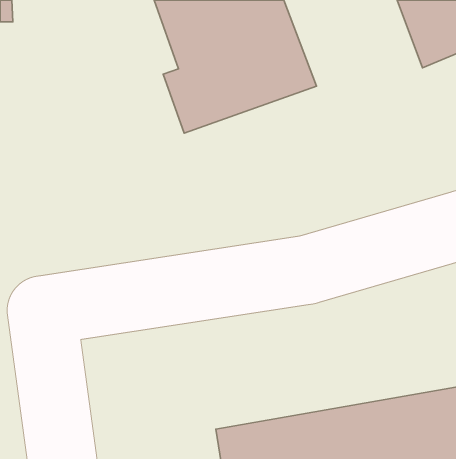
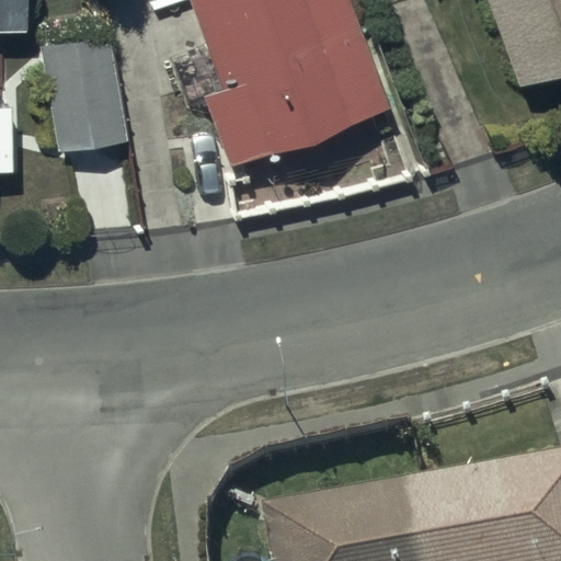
building: none -> [44,38,128,154]

